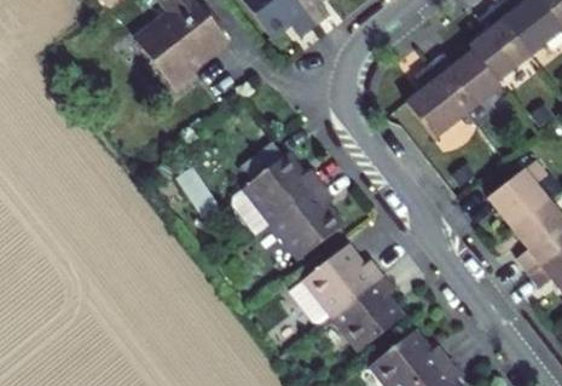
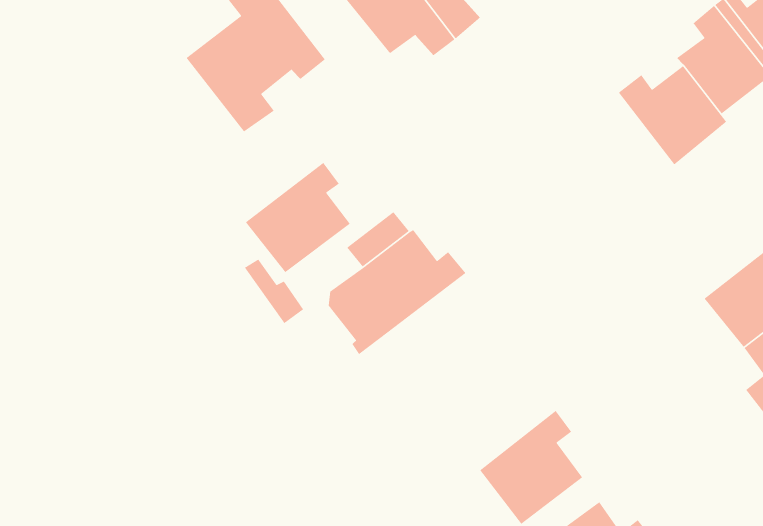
building: [401,63,464,137] -> none
building: [274,183,344,257] -> [245,162,351,273]
building: [294,246,386,323] -> none

